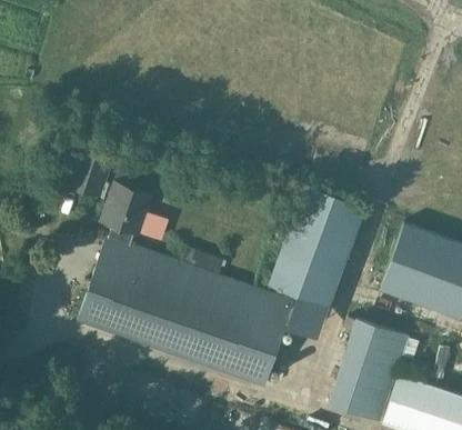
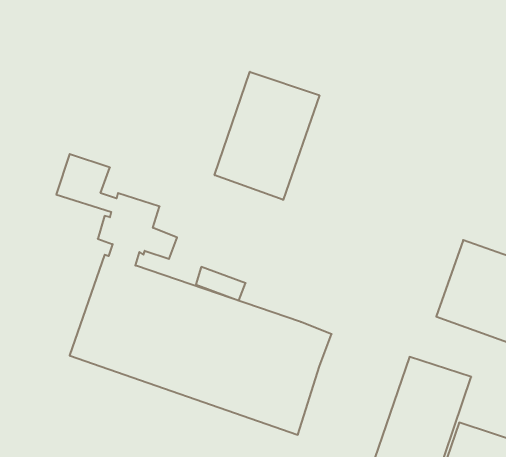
building: none -> [215,72,319,200]
building: [268,188,364,340] -> none

